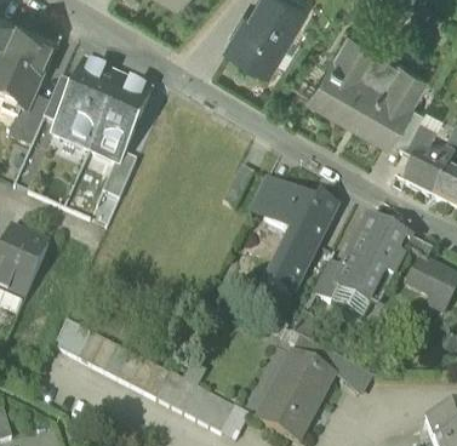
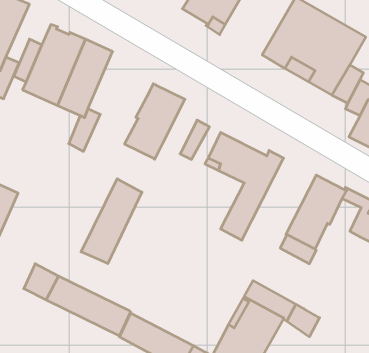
building: none -> [125,84,185,159]
building: none -> [81,179,142,264]
building: [312,261,345,302] -> none

